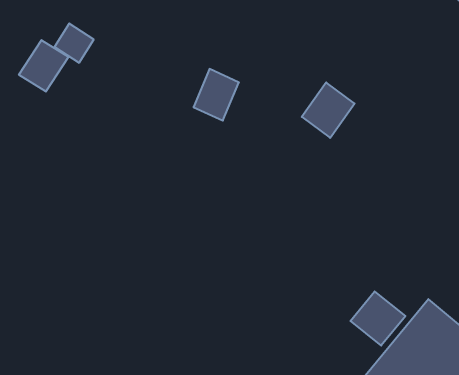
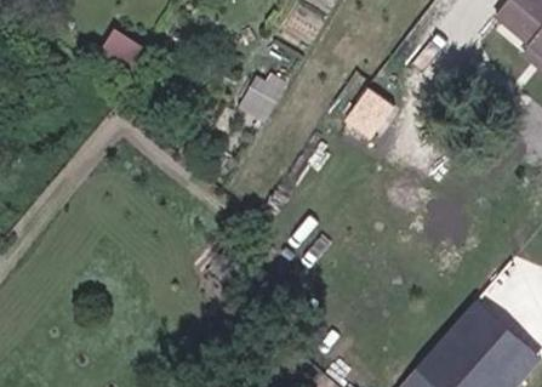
building: [19,40,68,92] -> none
building: [350,291,405,346] -> none

